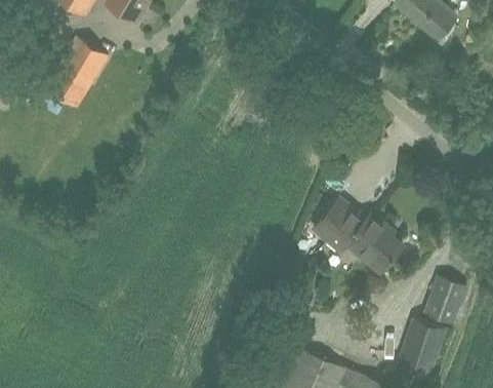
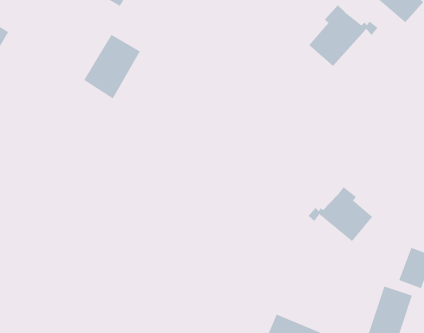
building: none -> [308,5,379,67]
building: [45,37,107,107] -> [83,34,141,99]
building: [313,197,363,244] -> none

